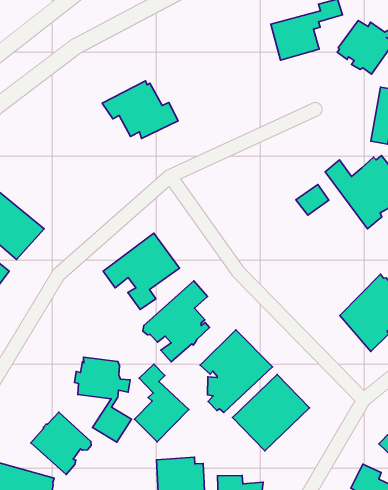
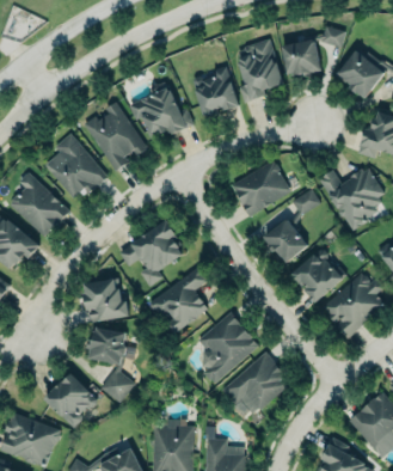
building: none -> [234,39,283,103]
building: none -> [191,66,239,114]
building: none -> [85,102,146,171]
building: none -> [45,133,105,202]
building: none -> [232,159,290,214]
building: none -> [264,219,307,263]
building: none -> [288,246,348,302]
building: none -> [82,277,129,323]
building: [134,364,189,442] -> none

